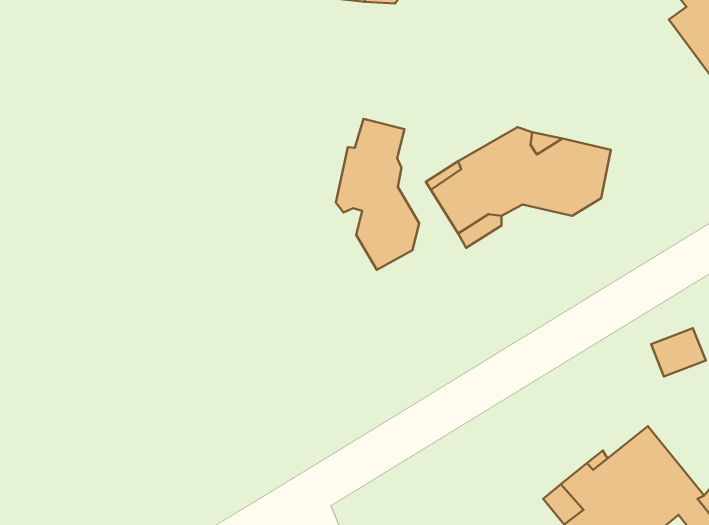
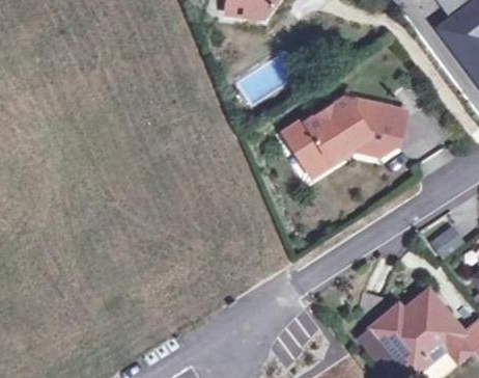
building: [336,119,419,270] -> none

